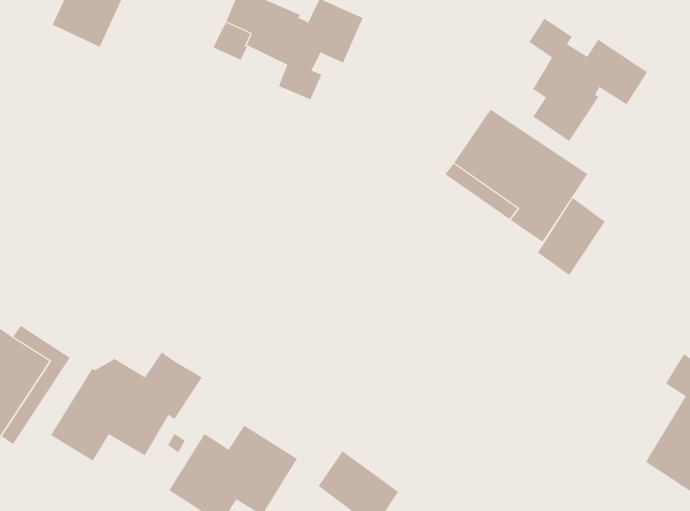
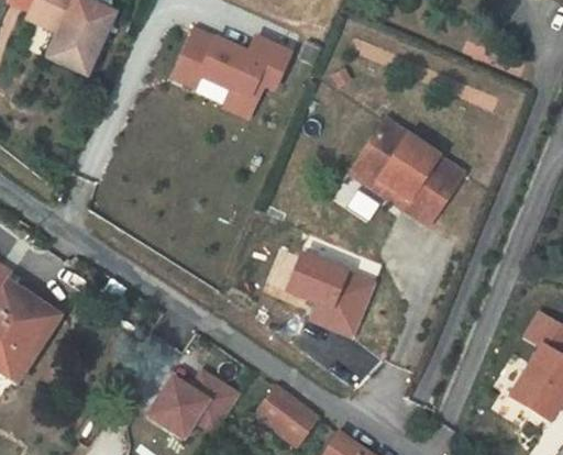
building: [529,18,648,142] -> none
building: [537,197,606,276] -> none
building: none -> [278,251,376,340]
building: [50,352,202,461] -> none

